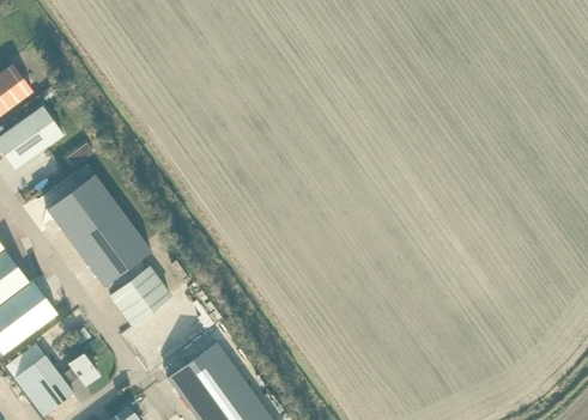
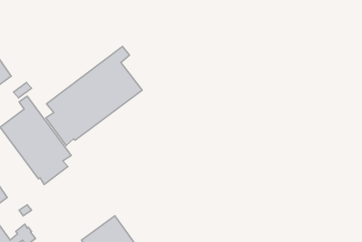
building: none -> [46,46,142,145]
building: [109,267,170,324] -> none

